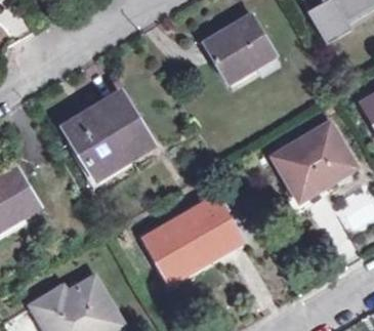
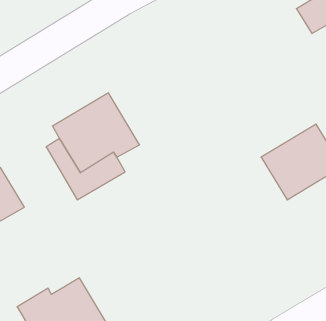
building: [206,16,275,81] -> none
building: [149,198,242,276] -> none

